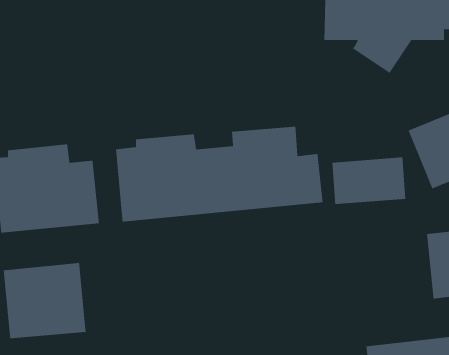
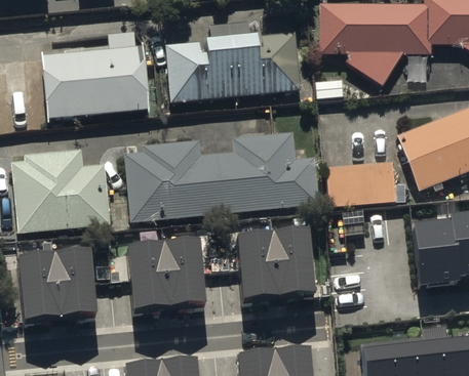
building: none -> [165,32,301,100]
building: none -> [41,45,150,120]
building: none -> [239,239,316,309]
building: none -> [130,248,208,320]

